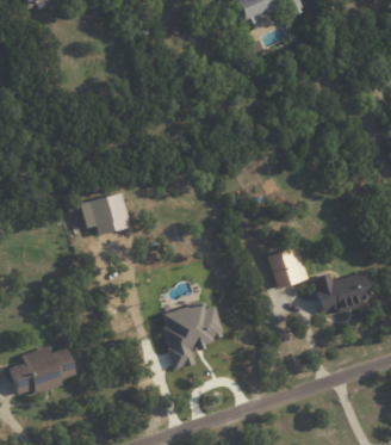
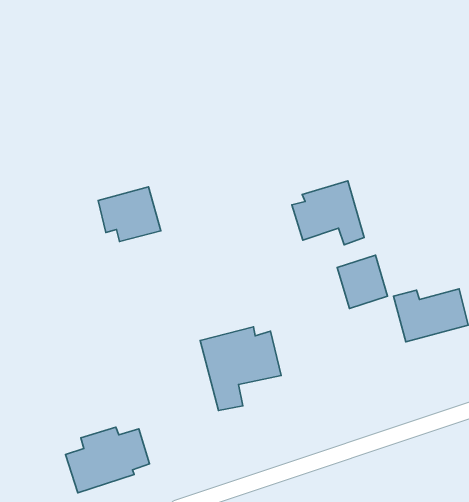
building: none -> [292,181,364,245]
building: [10,346,75,397] -> [66,427,149,493]

